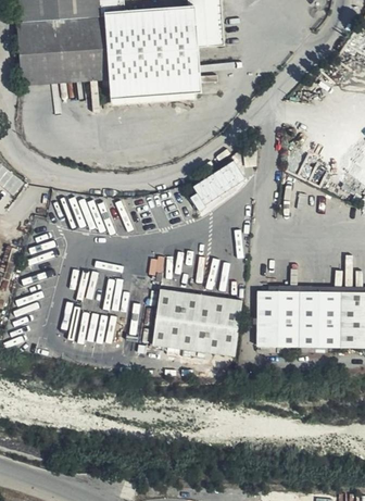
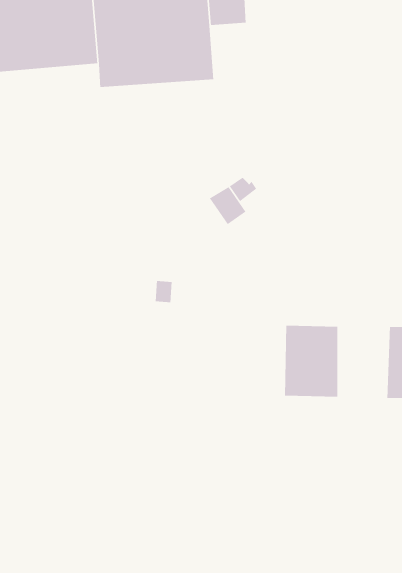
building: [151,288,242,356] -> none
building: [300,290,341,349] -> none

